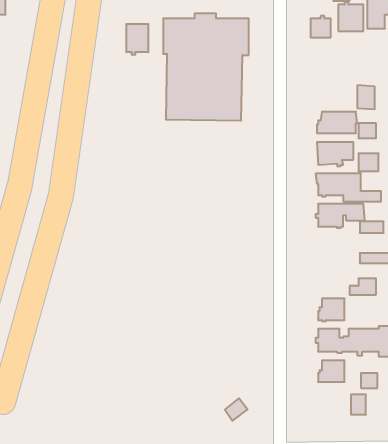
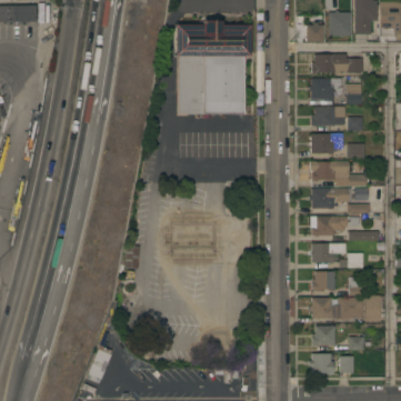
building: [126,24,148,55] -> none
building: none -> [312,53,363,73]
building: none -> [310,78,342,99]
building: none -> [311,217,365,235]
building: none -> [312,243,345,262]
building: none -> [310,353,334,375]

